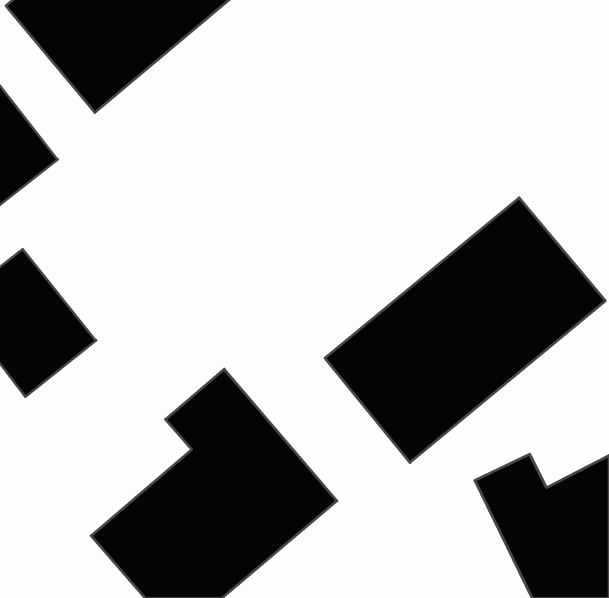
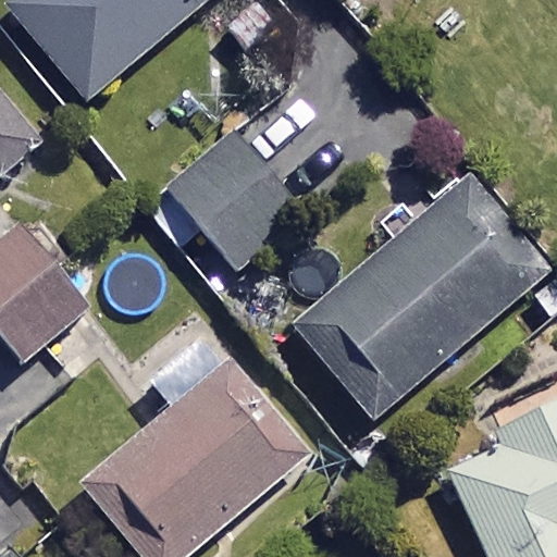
building: none -> [170,129,305,267]

